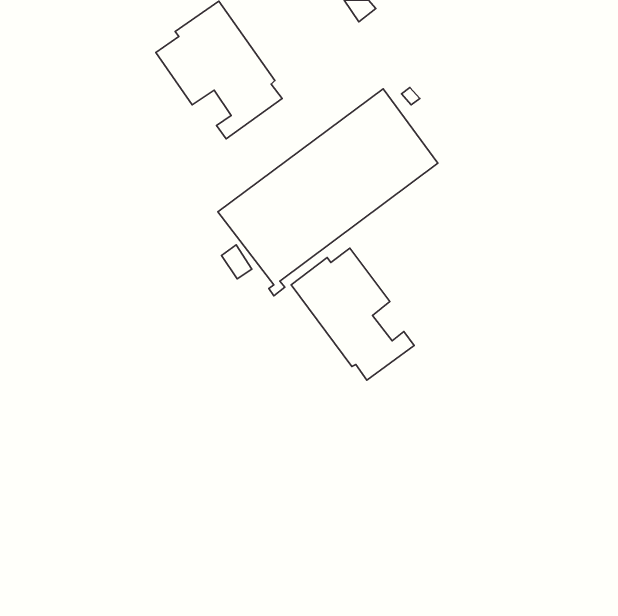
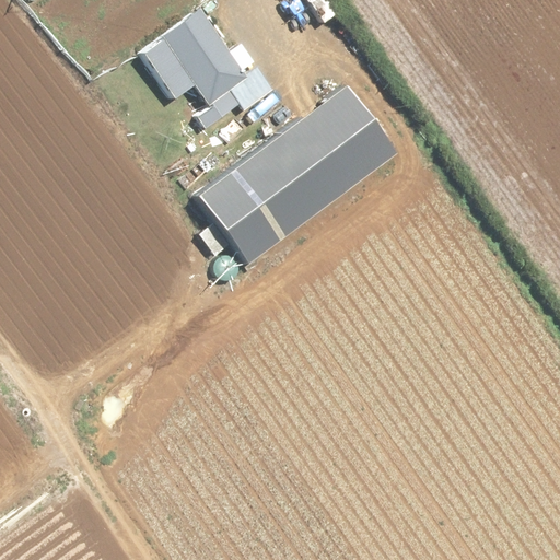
building: [291,248,414,380] -> none

